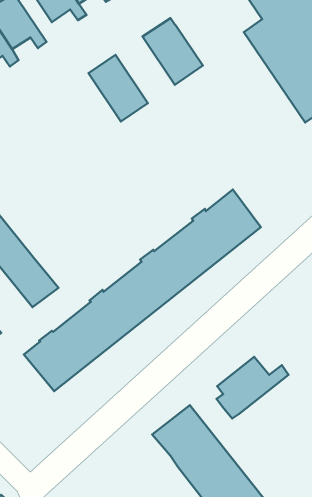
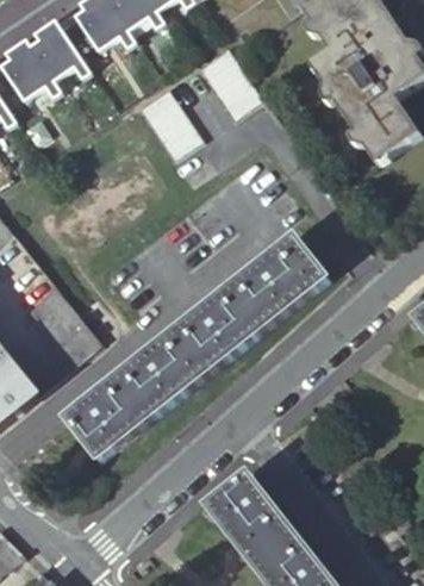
building: [216,357,288,419] -> none

